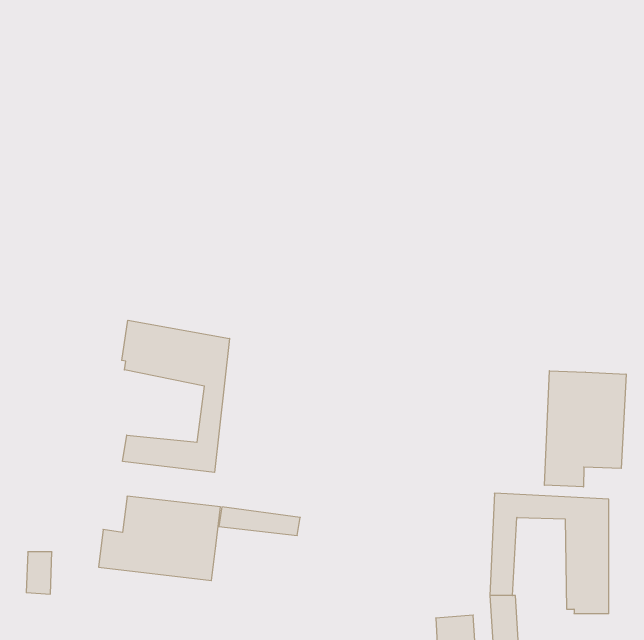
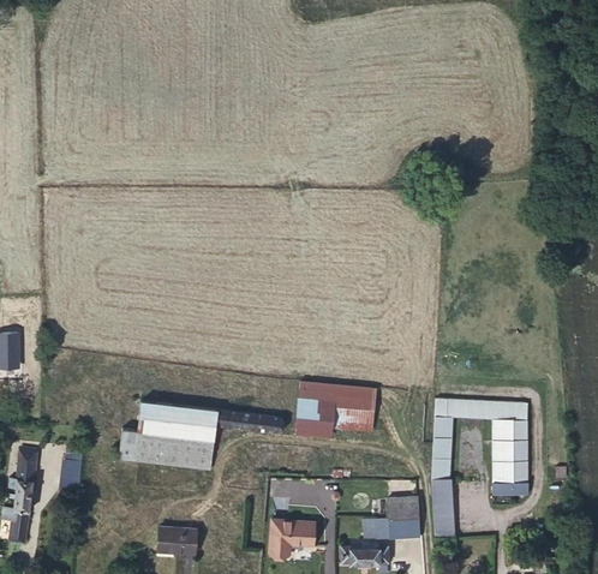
building: [122,320,230,472] -> none
building: [544,371,626,487] -> none
building: none -> [295,382,371,430]

